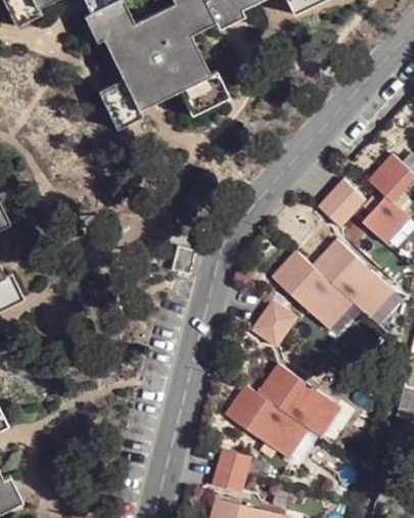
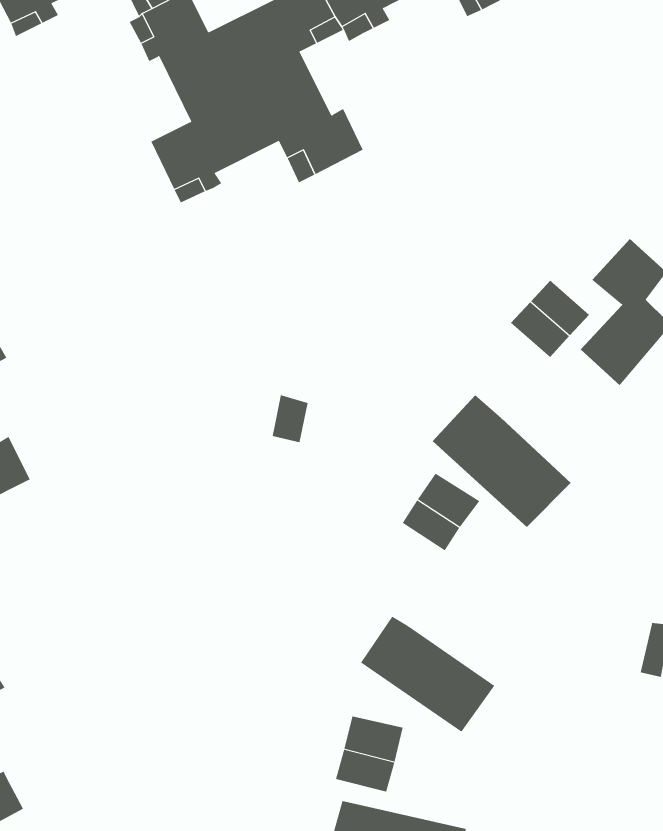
building: [313,236,396,315] -> none
building: [256,361,340,435] -> none

